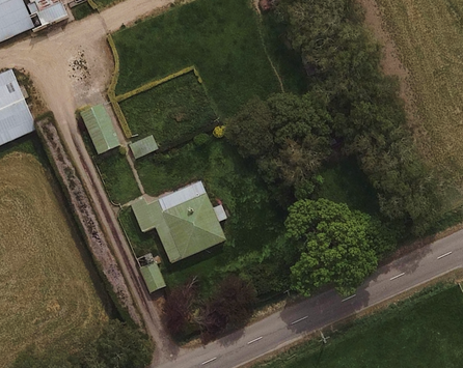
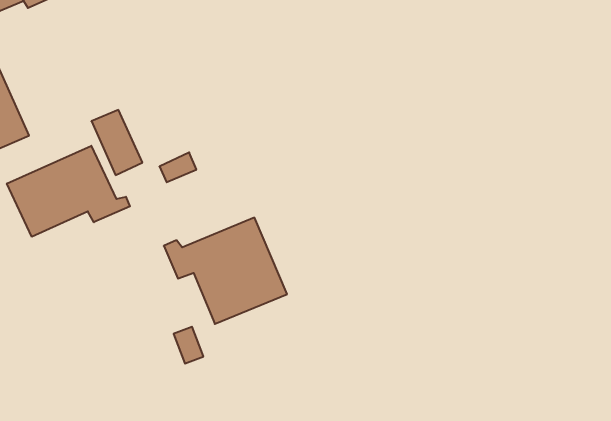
building: none -> [7,146,130,237]

